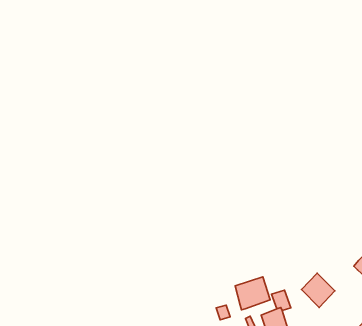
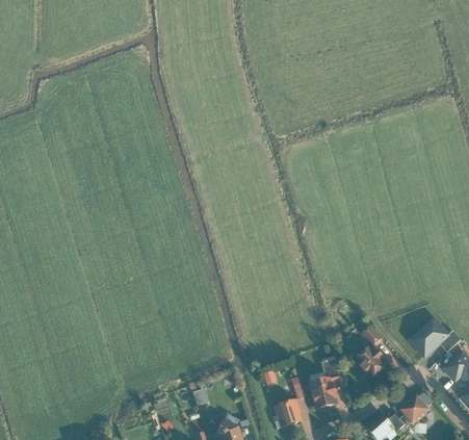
building: [235,277,270,310] -> none

